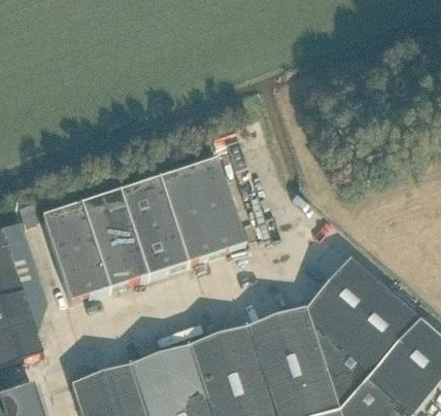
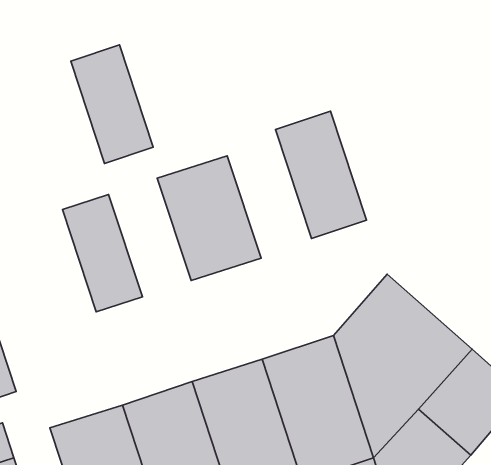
building: none -> [276,111,366,239]
building: [121,177,189,275] -> [71,45,153,163]
building: [43,203,110,300] -> none

